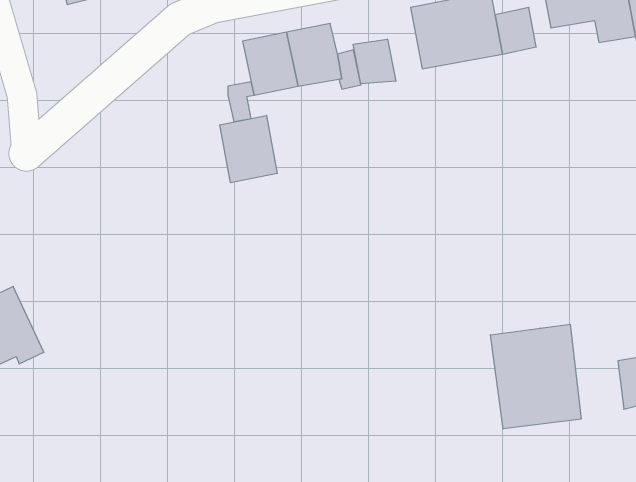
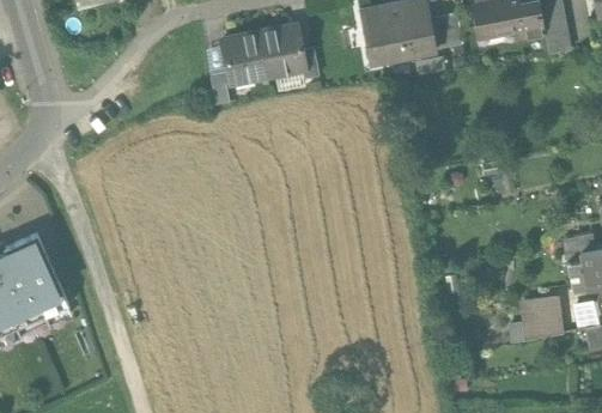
building: [353,39,396,84] -> none
building: [220,115,277,183] -> none
building: [490,324,581,429] -> none

